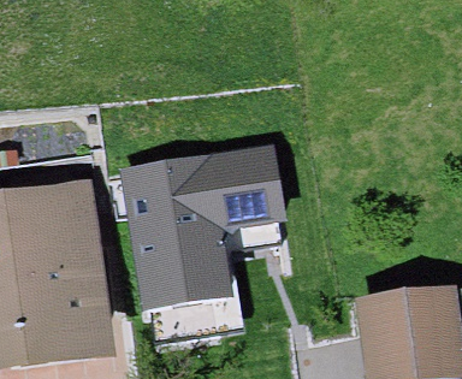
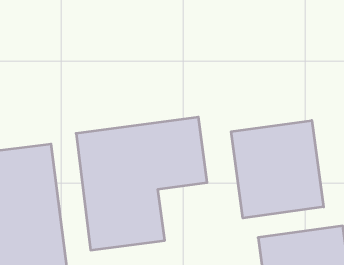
building: none -> [231,120,324,218]

